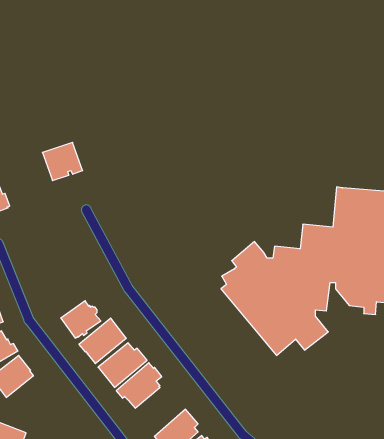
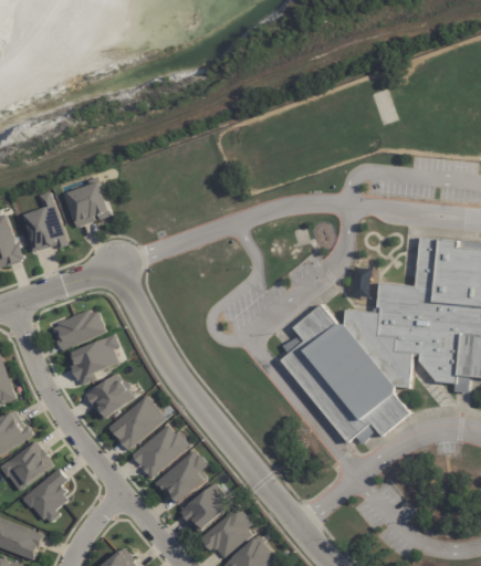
building: none -> [24,192,69,253]
building: none -> [53,310,106,352]
building: none -> [67,335,119,387]
building: none -> [21,469,67,524]
building: none -> [178,484,232,533]

